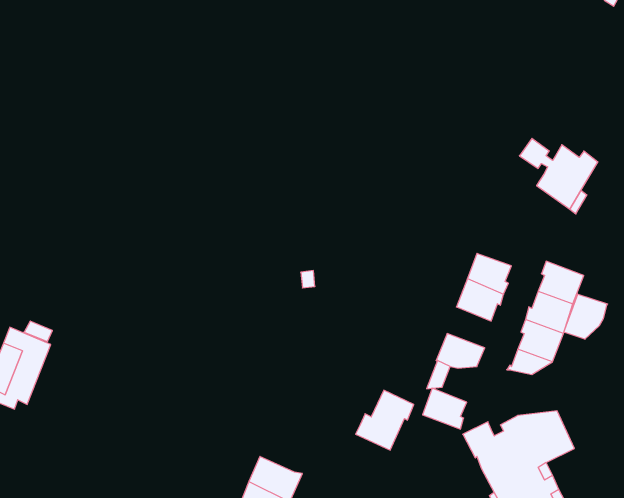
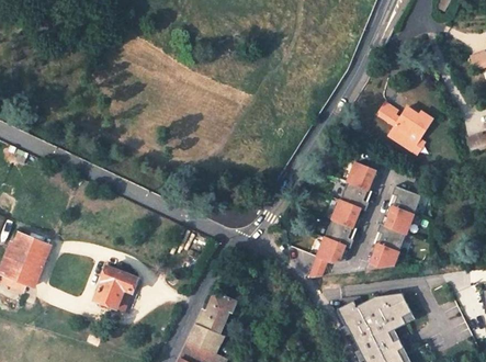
building: none -> [346,162,380,191]
building: [564,294,608,339] -> none
building: none -> [95,265,137,308]
building: [423,388,467,429] -> [325,219,355,248]
building: [356,390,414,450] -> [194,293,235,335]

